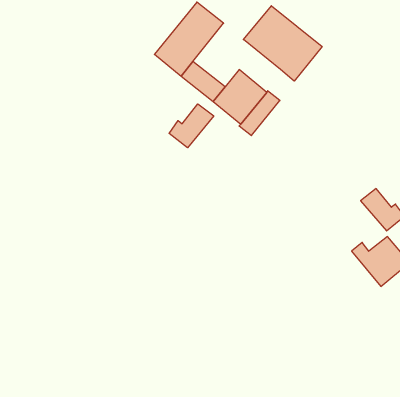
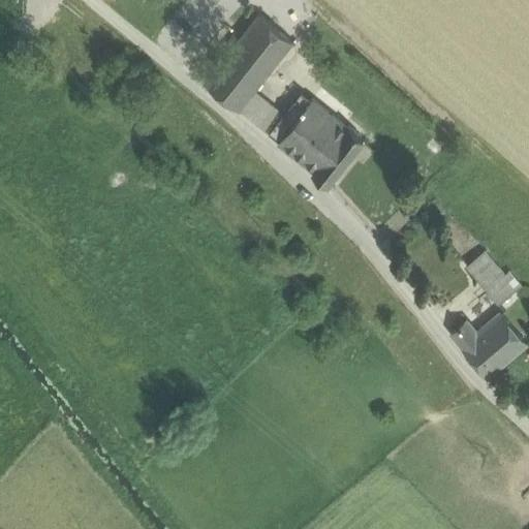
building: [243,6,322,81] -> none
building: [169,104,214,148] -> none

